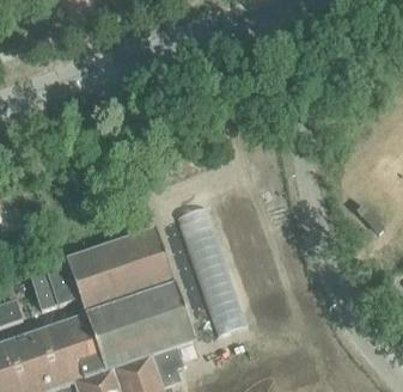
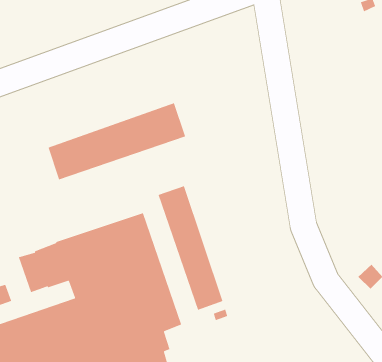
building: none -> [48,102,186,180]

